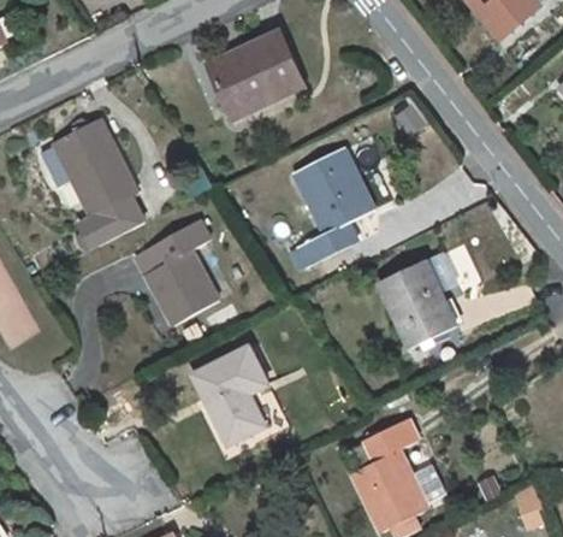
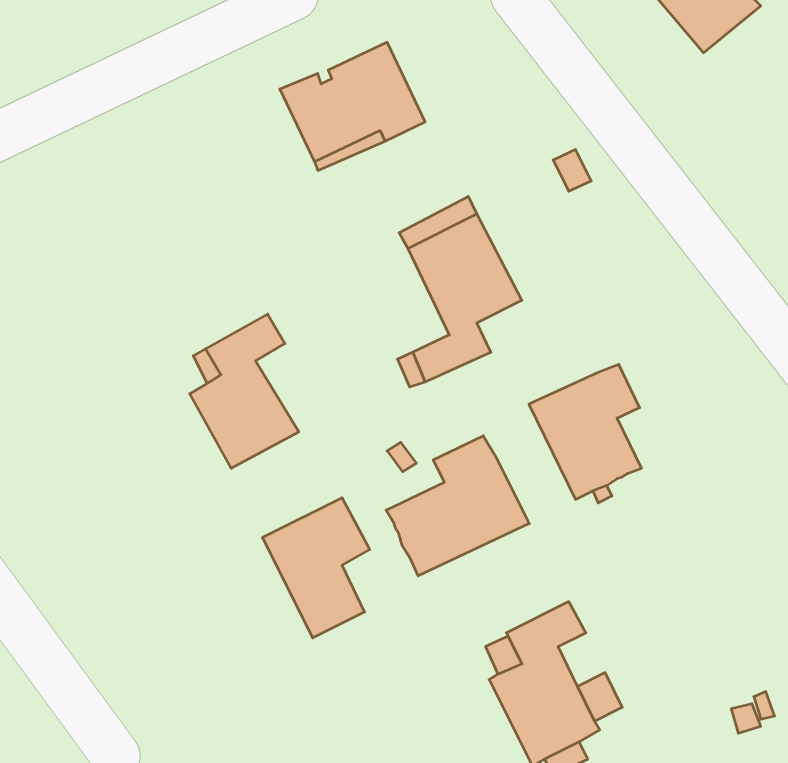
building: [38,117,142,248] -> none
building: none -> [386,436,529,576]

